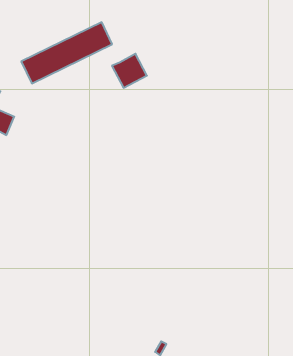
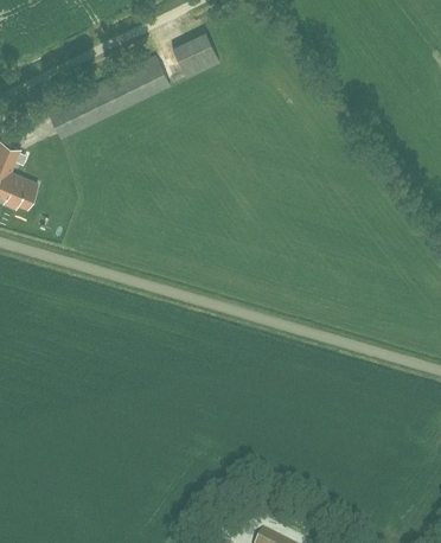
building: [112,54,147,88] -> [172,31,219,77]

